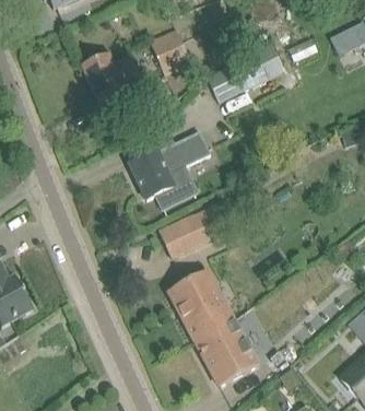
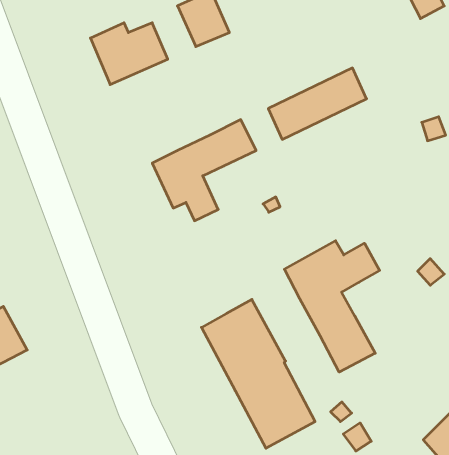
building: [208,47,284,103] -> [268,68,367,139]
building: [160,213,207,257] -> none
building: none -> [284,241,380,372]

